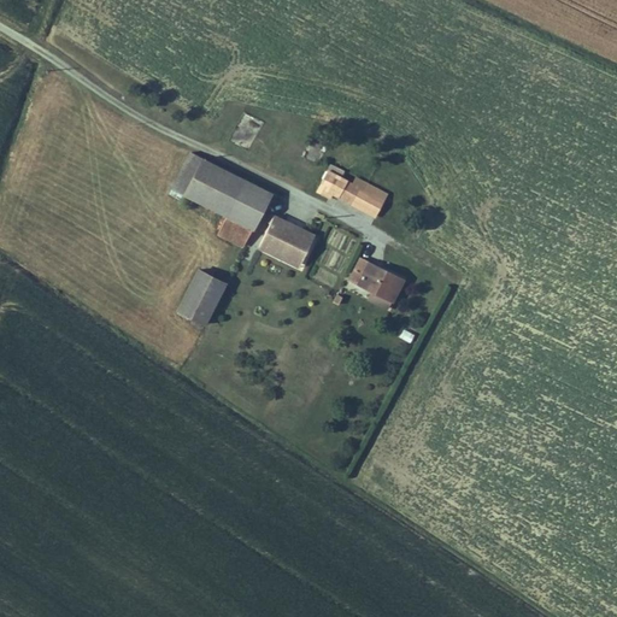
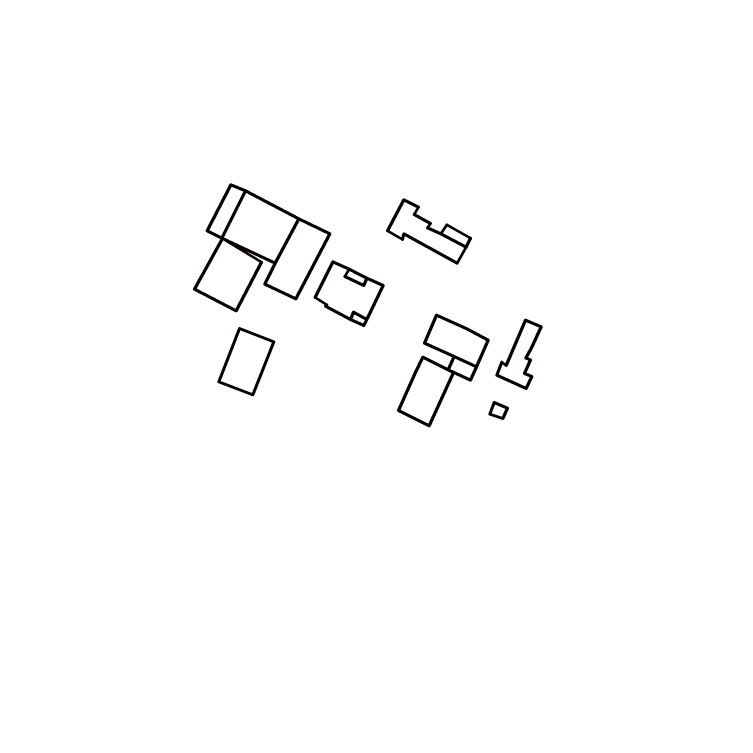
building: none -> [195,238,261,311]
building: none -> [497,320,541,389]
building: none -> [398,357,454,426]

